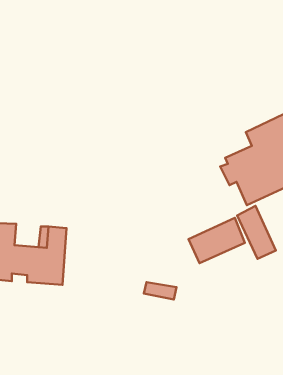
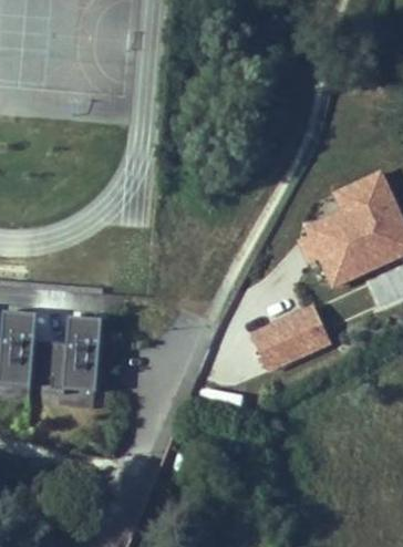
building: [237,206,276,259] -> none

